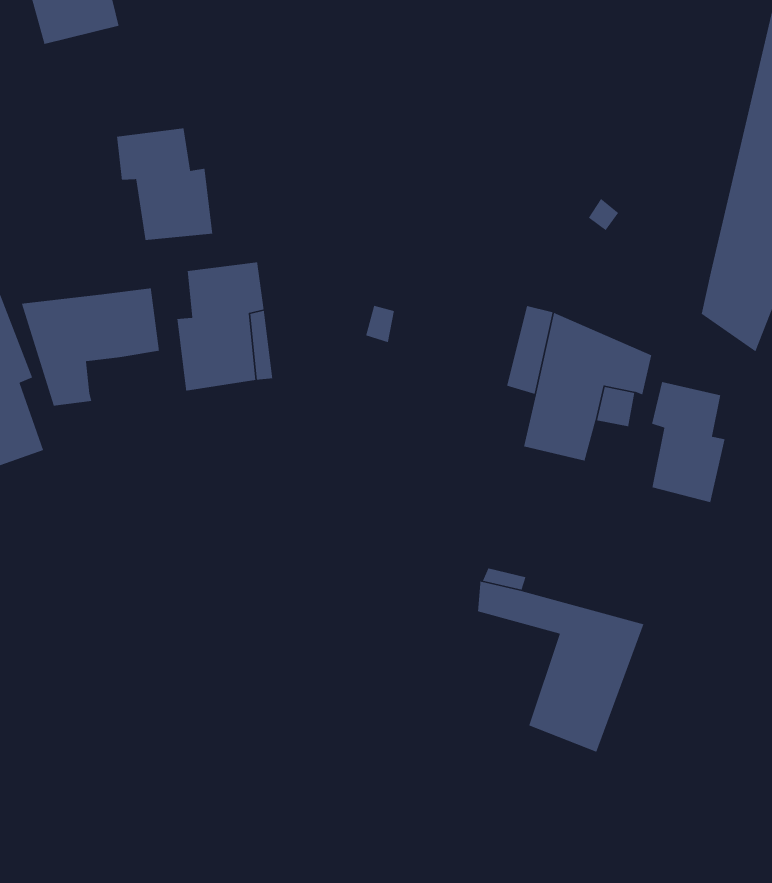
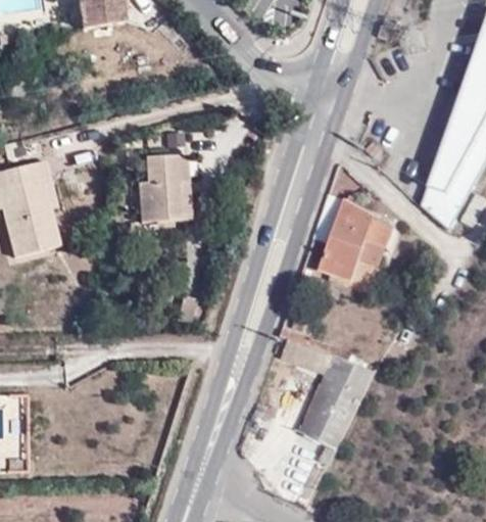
building: [116,128,213,241] -> none
building: [21,288,160,407] -> none
building: [651,381,726,503] -> none

